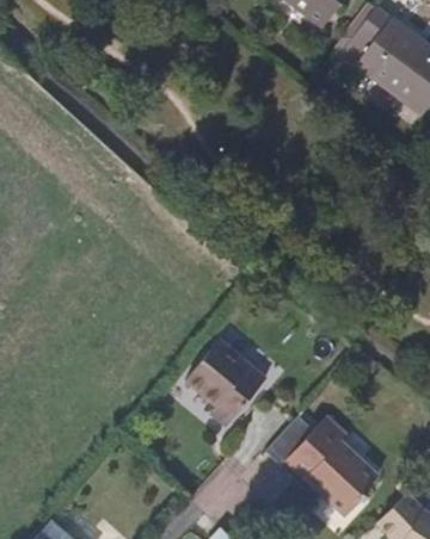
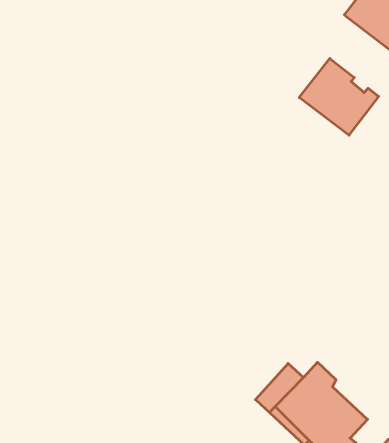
building: none -> [299,58,379,135]
building: [185,342,264,428] -> none

